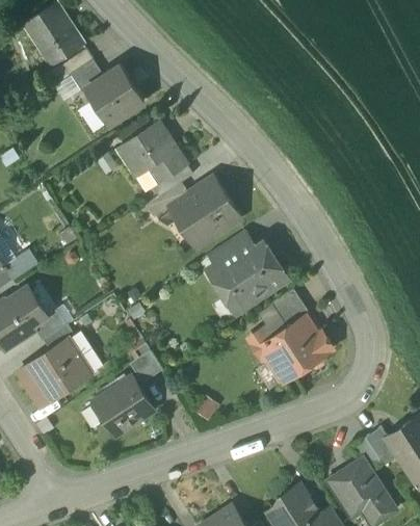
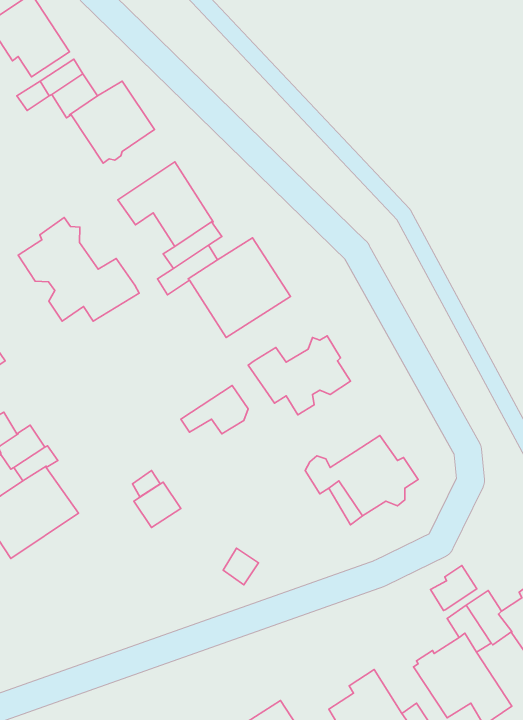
building: none -> [18,218,139,321]
building: [209,230,257,264] -> [181,385,248,434]
building: [271,289,309,327] -> none
building: [91,376,153,437] -> none
building: none -> [430,565,477,610]

